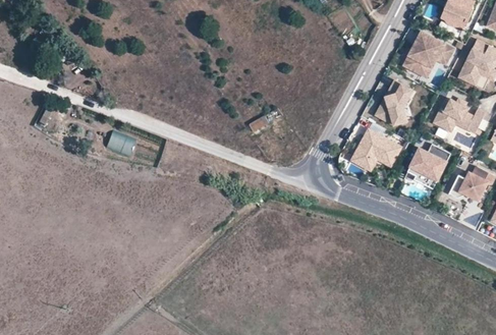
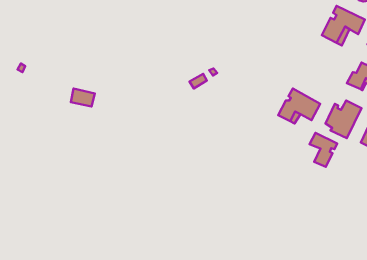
building: [376,80,412,125] -> none
building: none -> [310,133,337,167]

